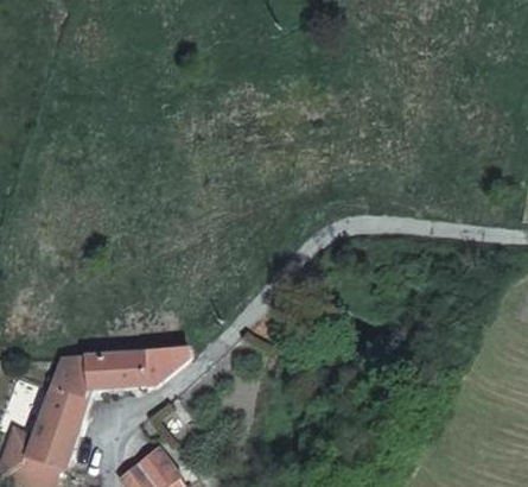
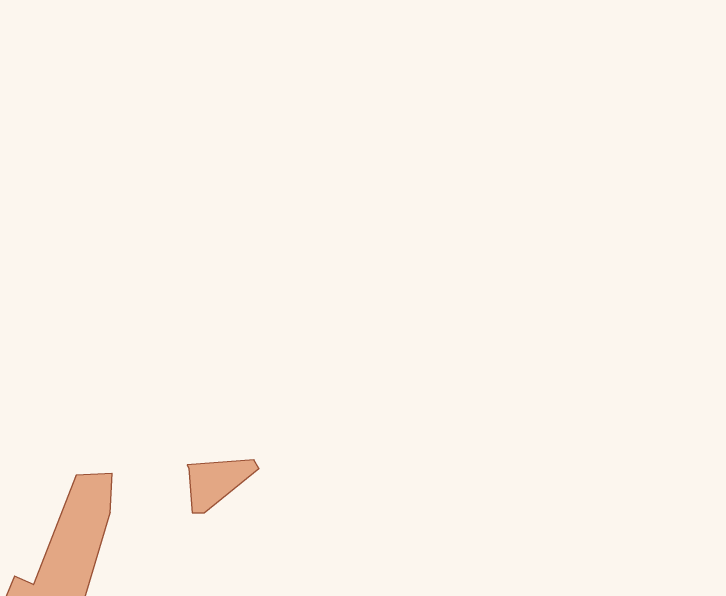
building: [88,354,145,385] -> none

